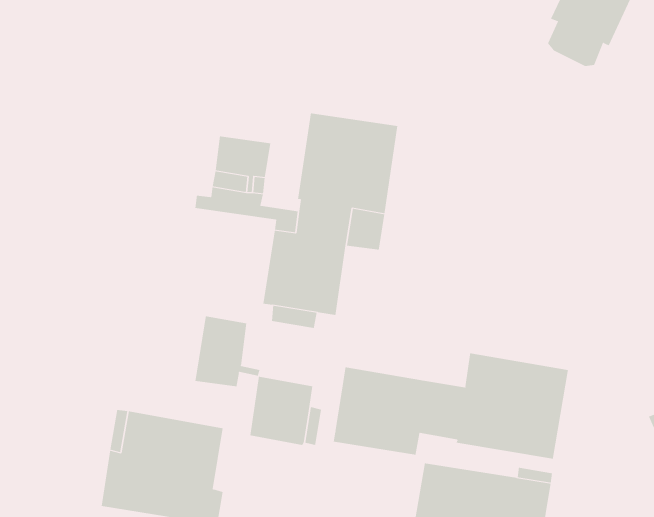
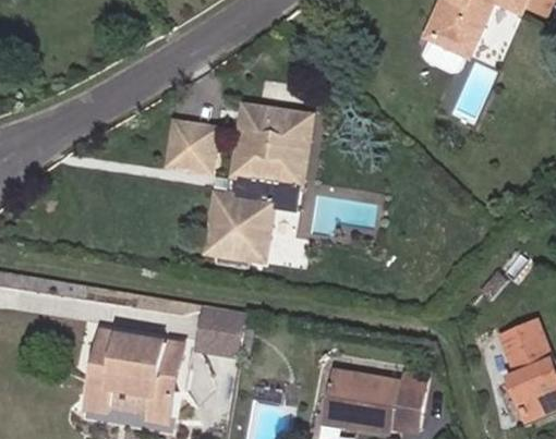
building: [195,316,260,387] -> none
building: [333,353,569,459] -> none

